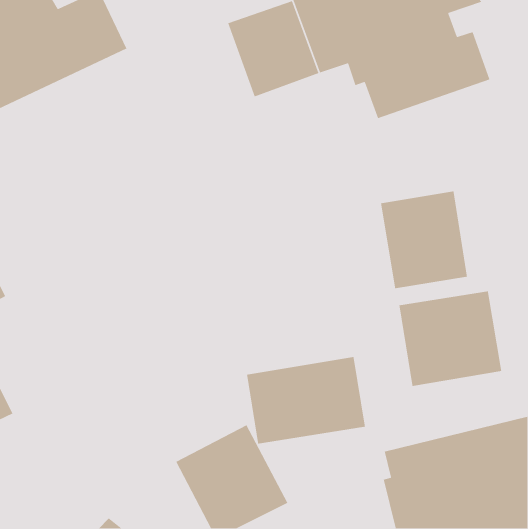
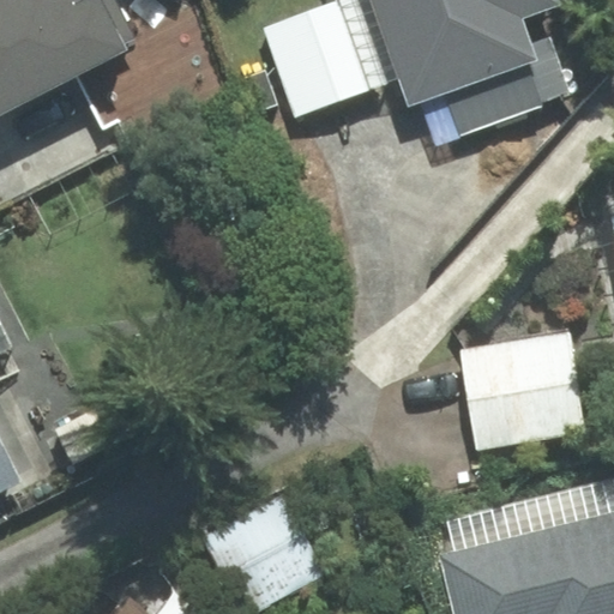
building: [380,191,468,289] -> none
building: [246,356,366,444] -> none

